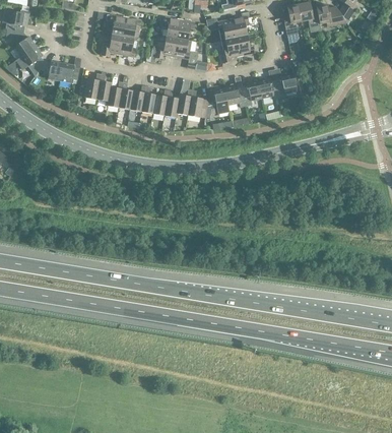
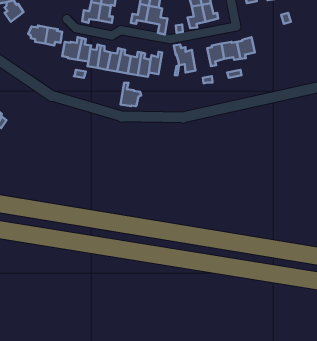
building: [15,45,45,75] -> none
building: [225,75,247,107] -> none
building: [188,90,211,117] -> [120,83,141,106]

